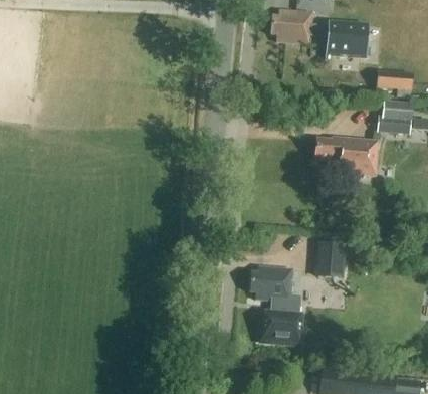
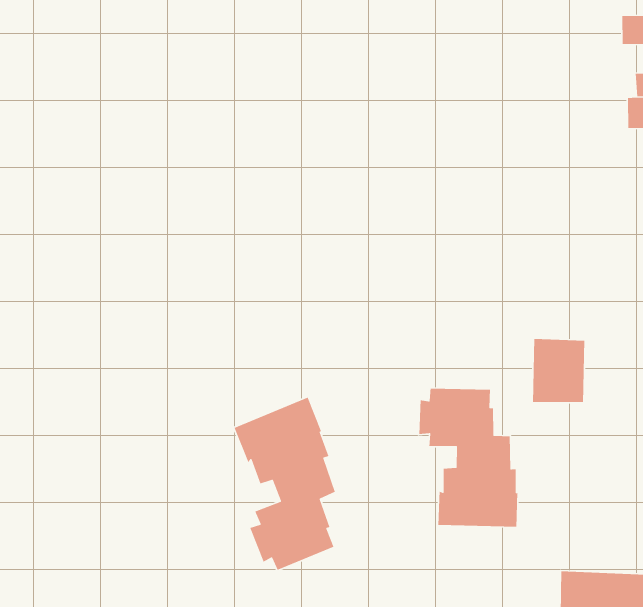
building: [315,137,377,174] -> none
building: none -> [234,396,336,571]

